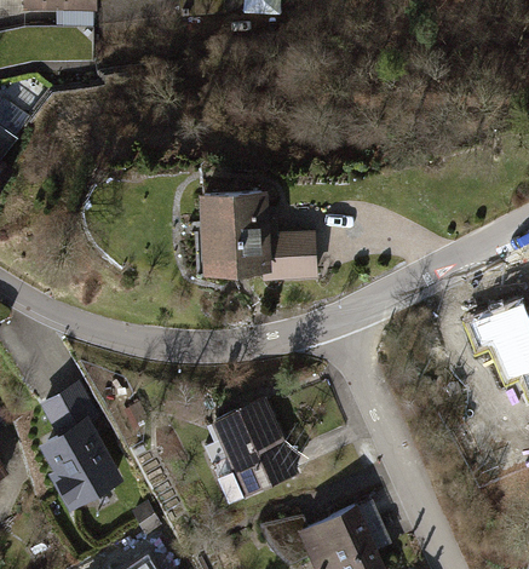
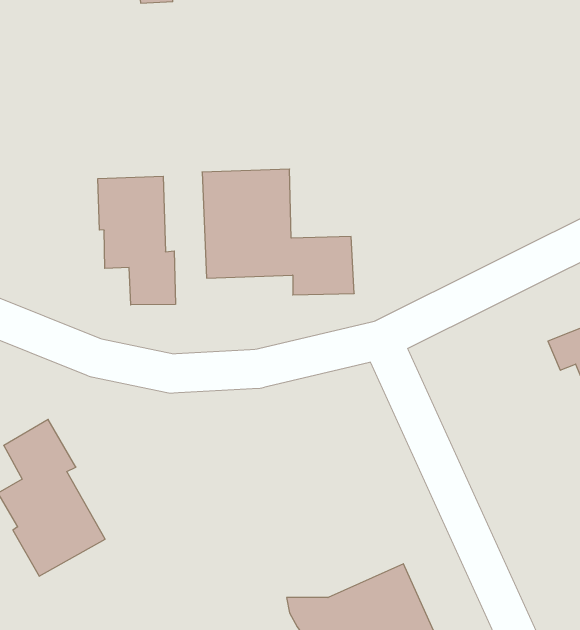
building: none -> [98,176,175,305]
building: [211,401,297,507] -> none

